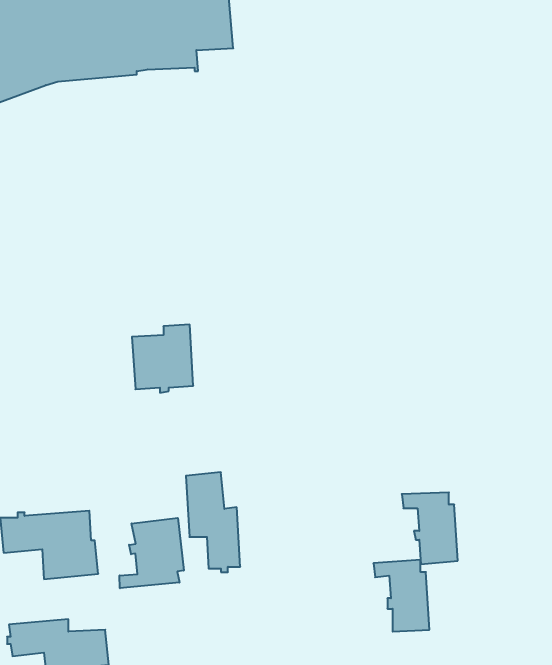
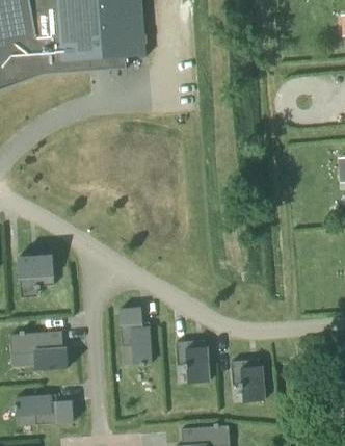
building: [132,325,193,393] -> [17,248,53,289]
building: [402,492,458,564] -> [175,340,208,383]
building: [120,518,184,588] -> none

